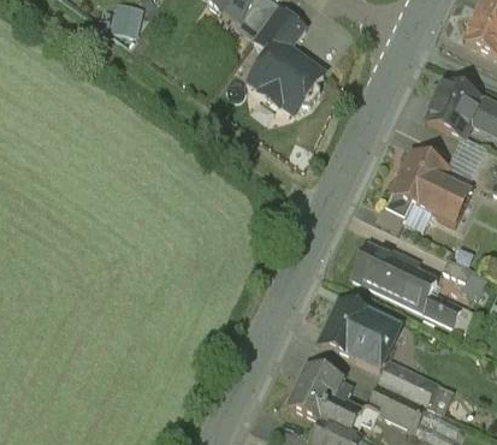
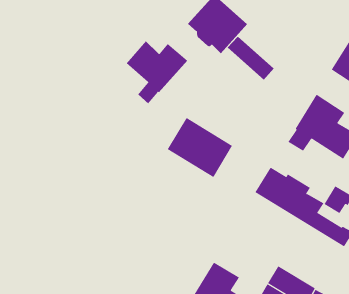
building: none -> [227,36,274,81]
building: none -> [126,41,188,104]
building: [319,297,398,367] -> [167,117,233,178]

